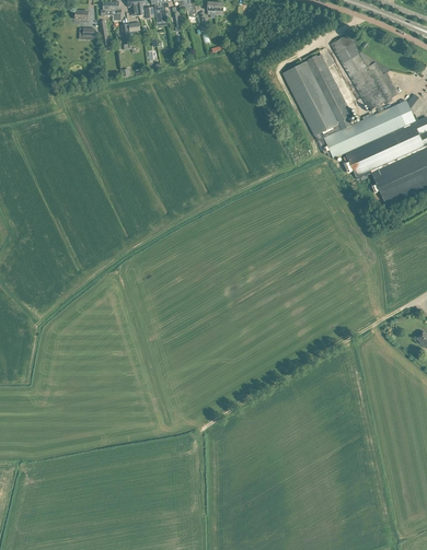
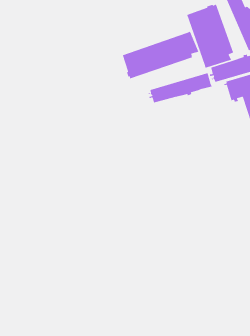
building: none -> [122,31,199,80]
building: none -> [148,72,213,104]

